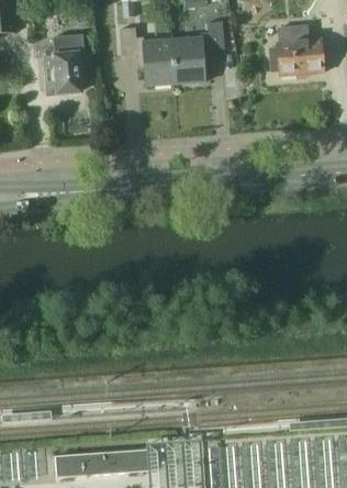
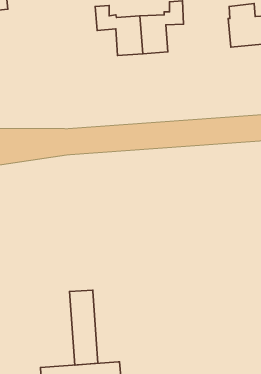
building: [46,33,86,92] -> none
building: none -> [70,290,98,365]

